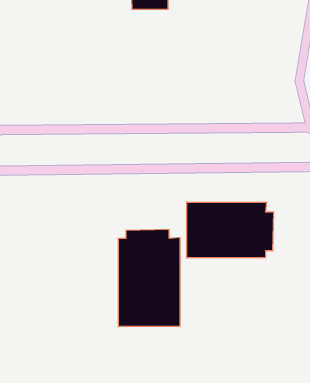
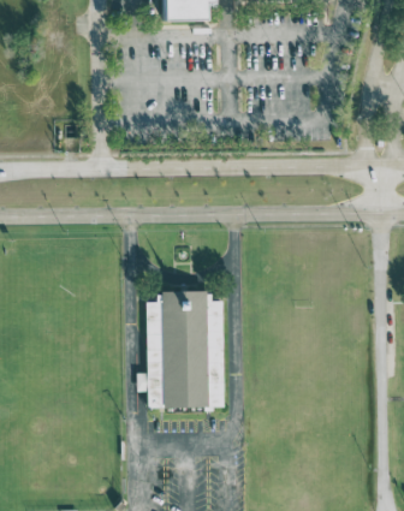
building: [187,202,273,258] -> none

